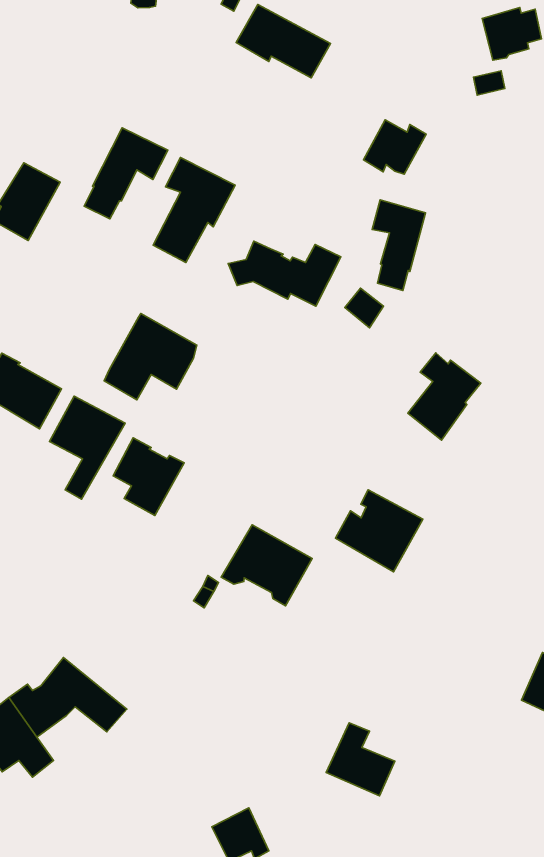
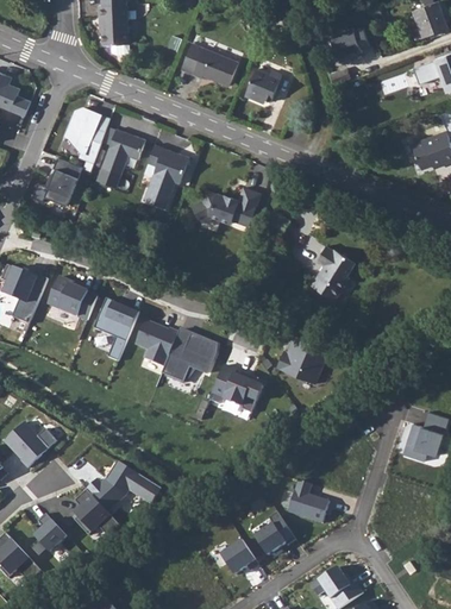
building: none -> [65,108,111,171]
building: [363,120,426,174] -> [245,69,282,101]
building: [372,200,425,291] -> none
building: [104,314,197,400] -> [162,329,217,383]
building: none -> [255,511,295,555]

